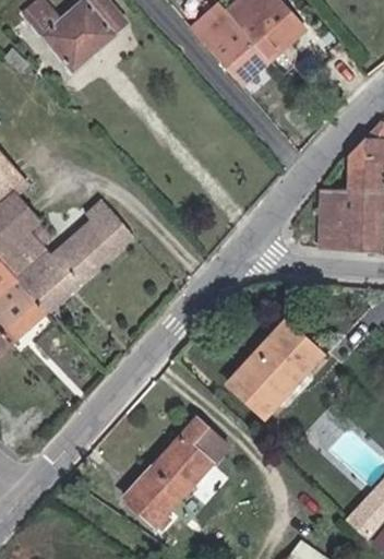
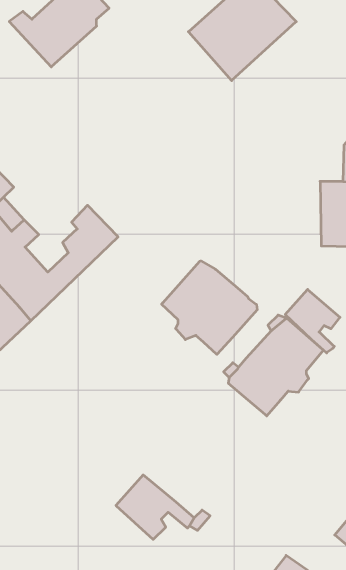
building: none -> [162,261,257,354]
building: none -> [285,289,340,353]
building: [155,416,227,490] -> none

